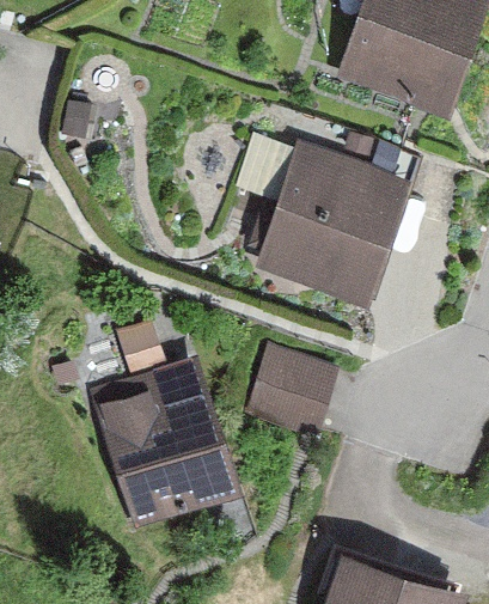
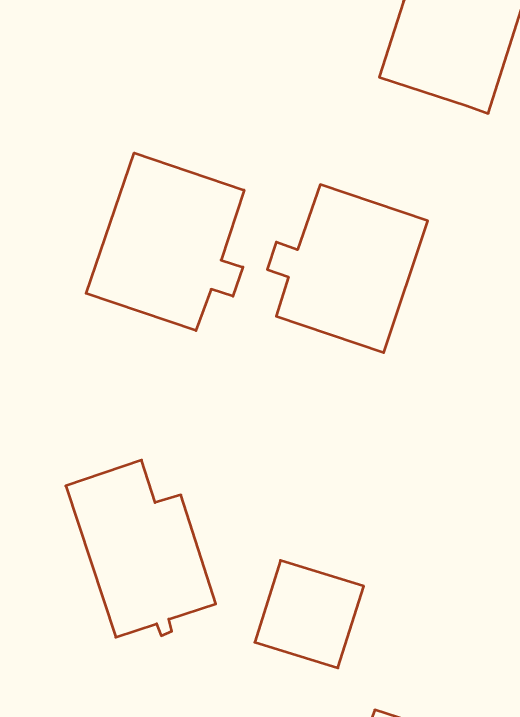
building: none -> [86,153,244,331]
building: [255,347,341,432] -> [255,560,364,668]

